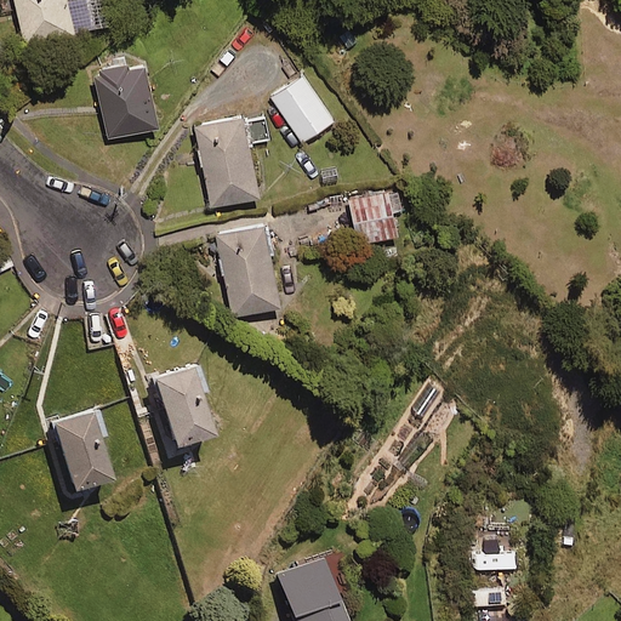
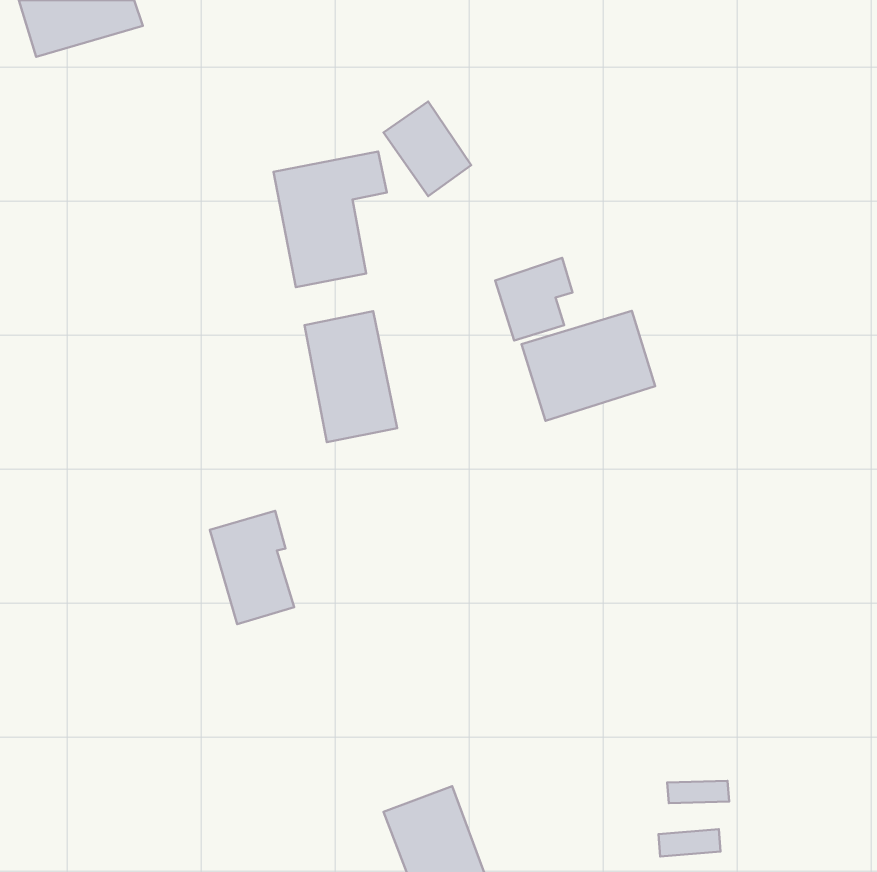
building: [93,58,164,139] -> none
building: none -> [521,311,655,421]
building: [49,409,107,489] -> none

